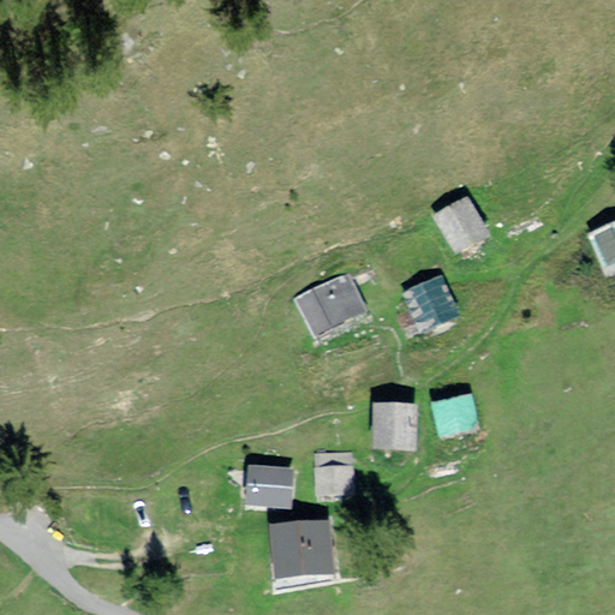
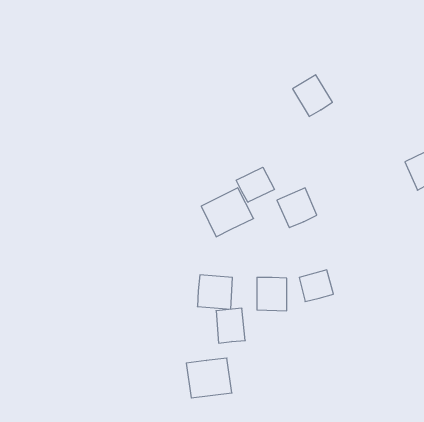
building: [430,193,488,253] -> [293,75,332,116]
building: none -> [236,167,274,202]
building: [245,461,295,510] -> [197,275,232,309]

